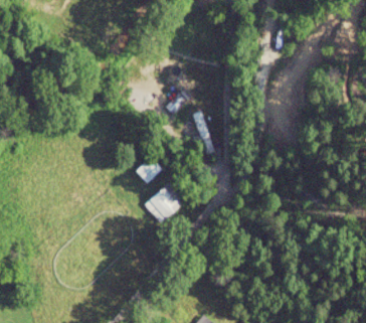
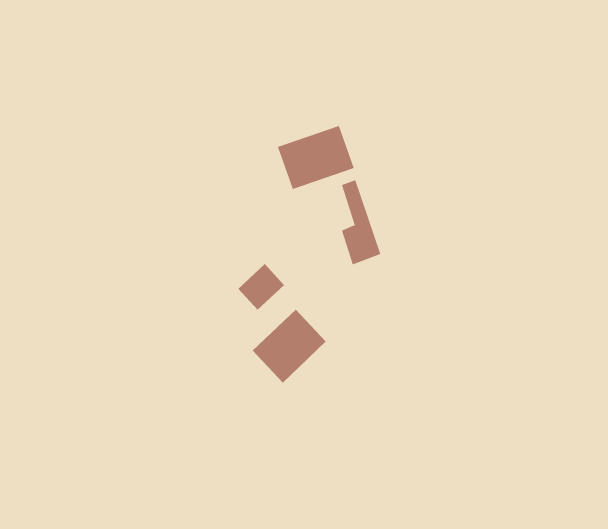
building: none -> [277,125,354,190]

